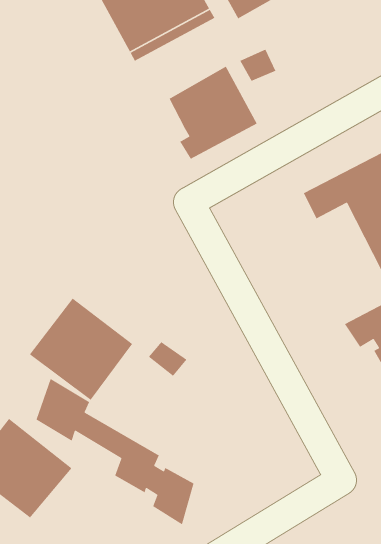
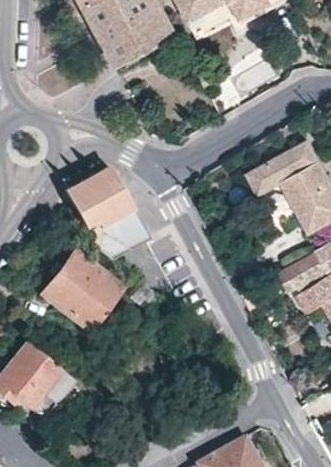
building: [169,65,258,160] -> none
building: none -> [62,166,144,247]
building: [36,378,194,525] -> none

